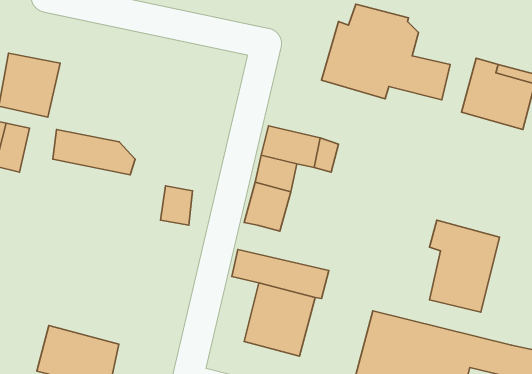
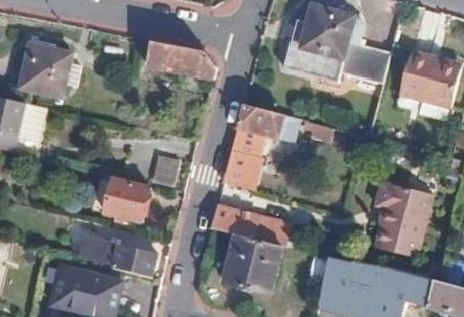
building: [53,130,135,175] -> [148,41,216,78]
building: none -> [104,179,148,221]
building: none -> [77,239,154,275]

